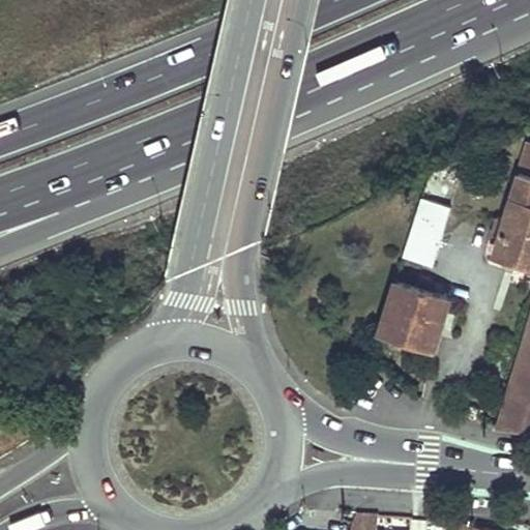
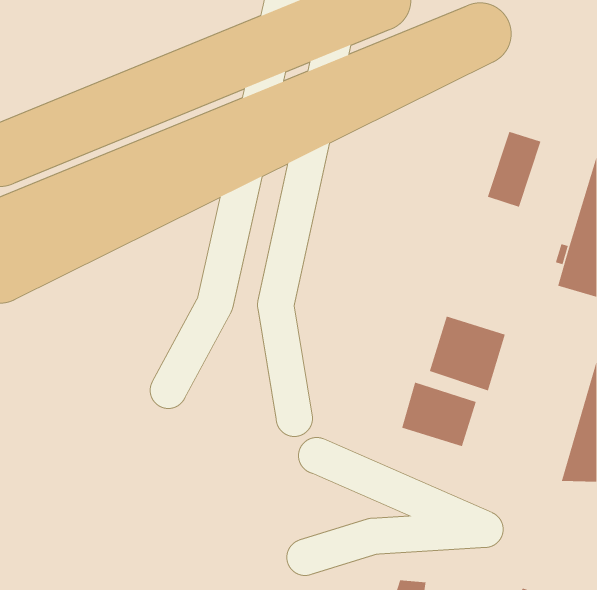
building: [403,203,451,271] -> [487,131,542,208]
building: none -> [401,382,477,447]

